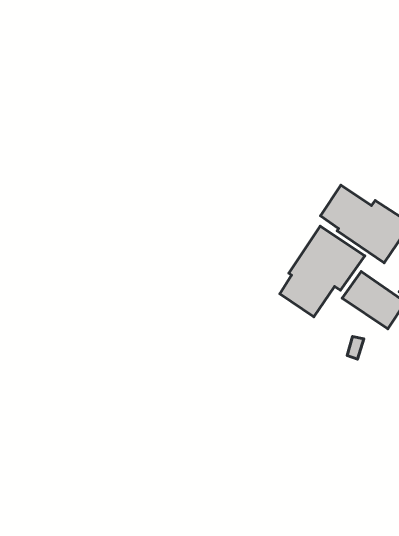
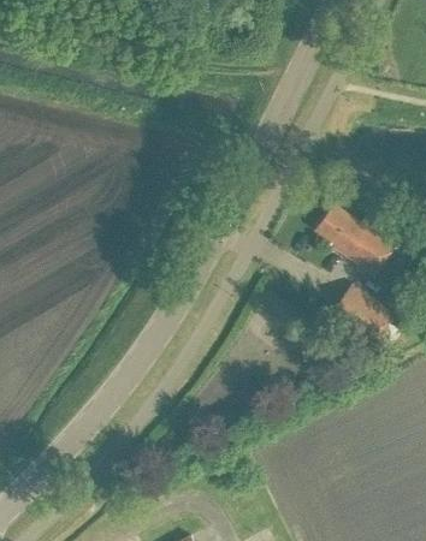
building: [280,226,365,317] -> none

